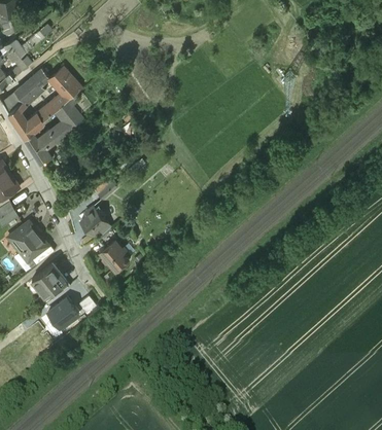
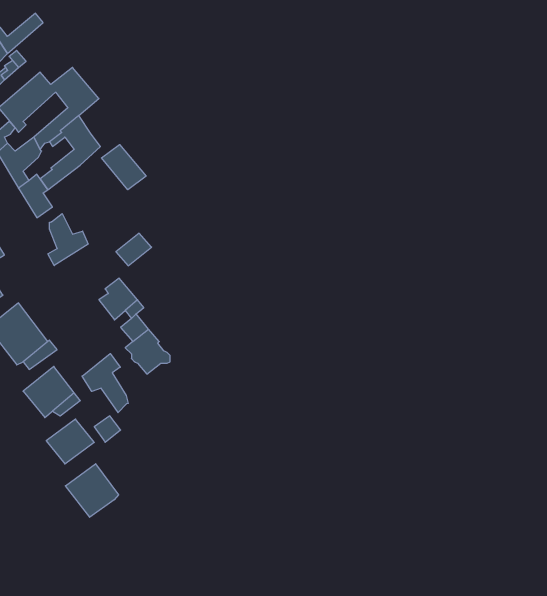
building: none -> [101,145,146,190]
building: none -> [48,214,88,266]
building: none -> [82,354,128,413]
building: none -> [65,464,119,517]

